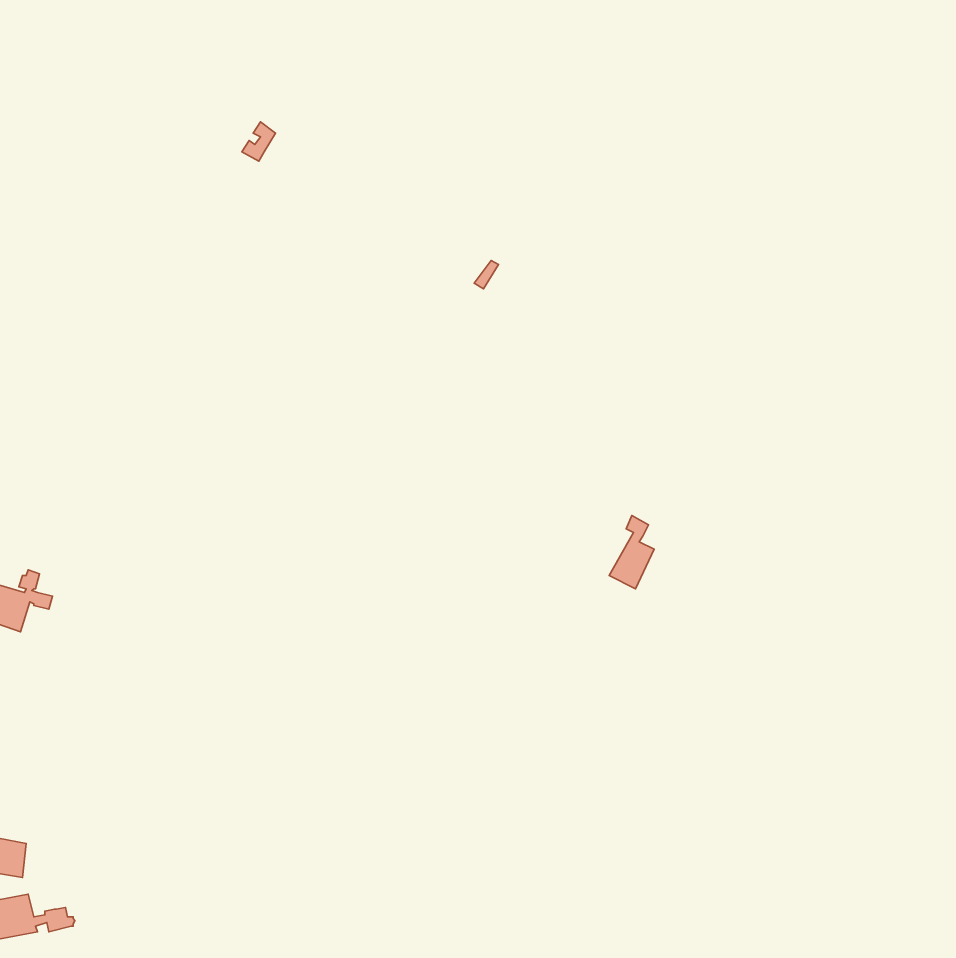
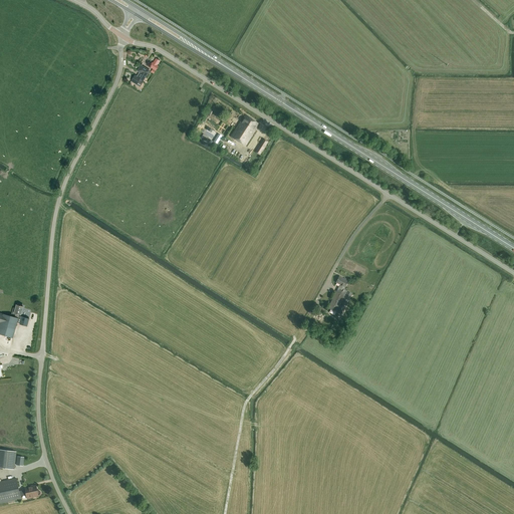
building: none -> [230,115,257,146]

